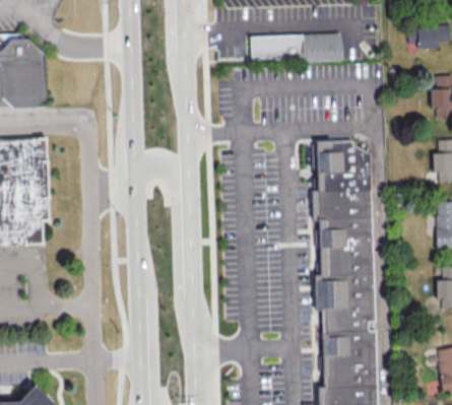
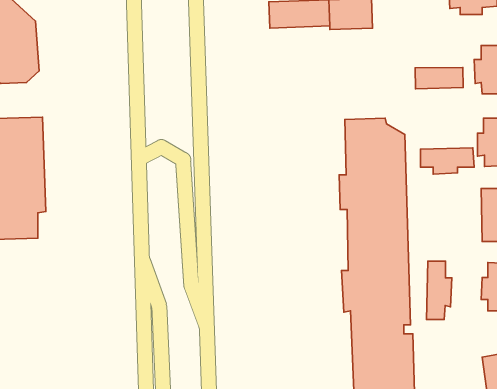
building: none -> [415,68,463,89]
building: none -> [420,148,474,174]
building: none -> [427,261,452,320]

